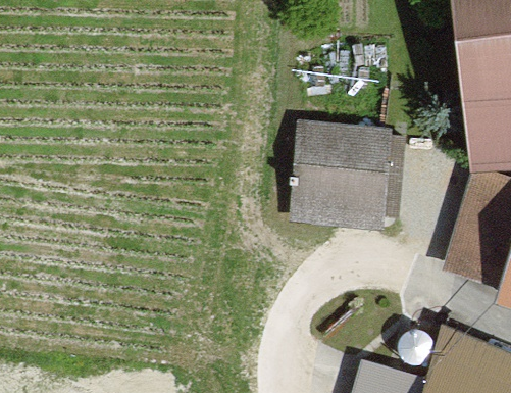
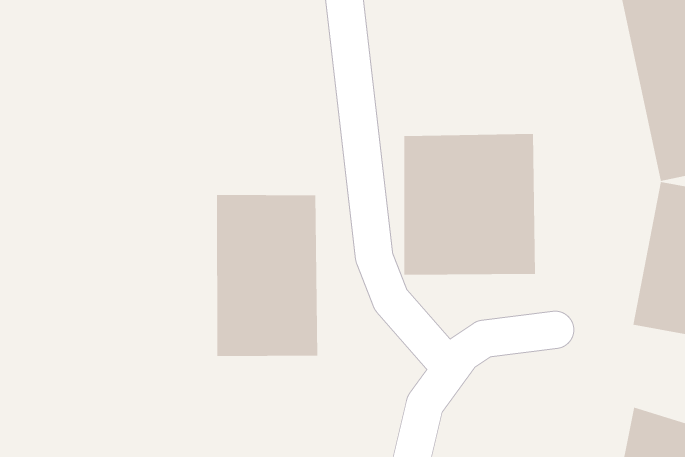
building: none -> [216,194,318,357]

